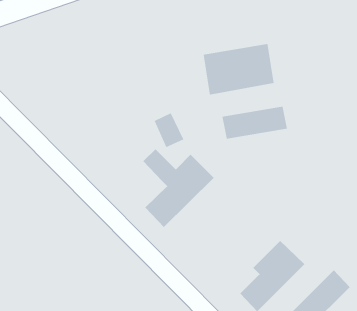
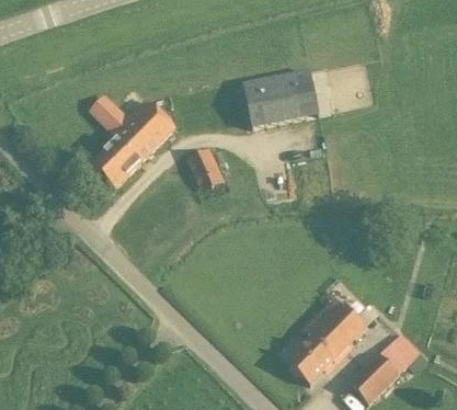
building: [222,106,288,140] -> none
building: [143,148,215,228] -> [89,93,174,187]

